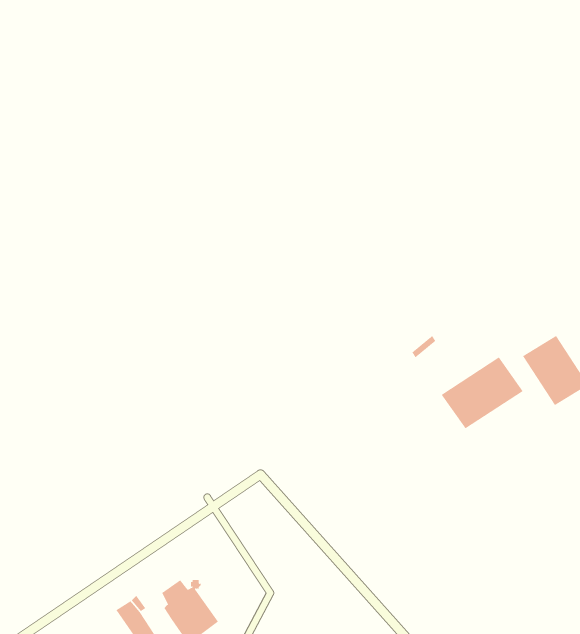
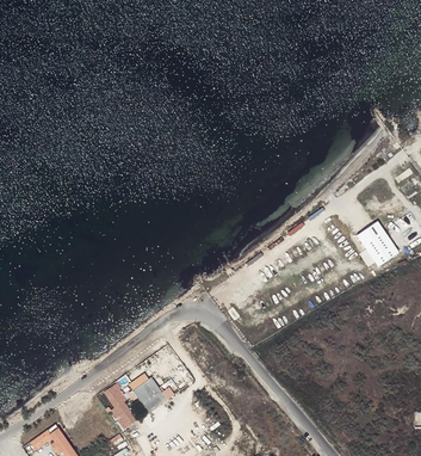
building: [441,356,523,429] -> none

